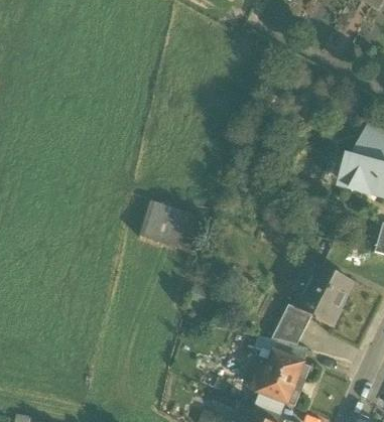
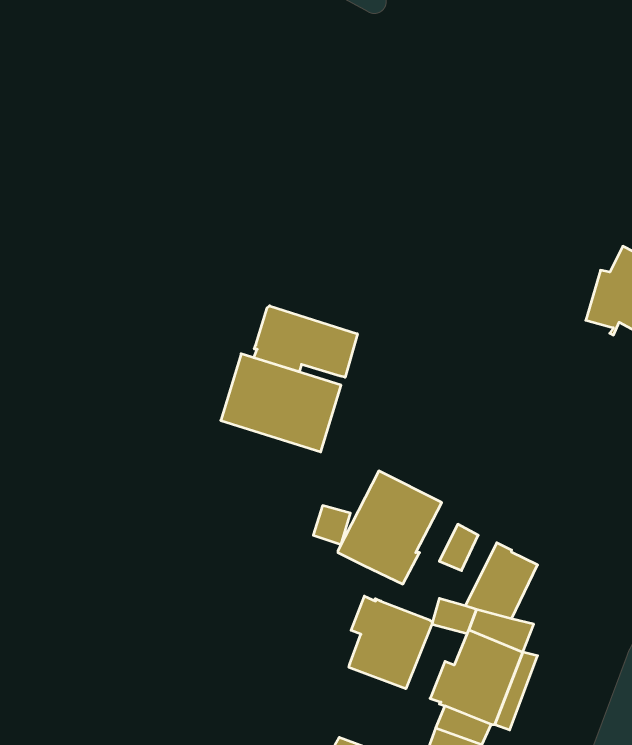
building: none -> [254,306,357,377]
building: [297,263,354,324] -> [338,471,442,584]
building: none -> [349,596,432,689]

